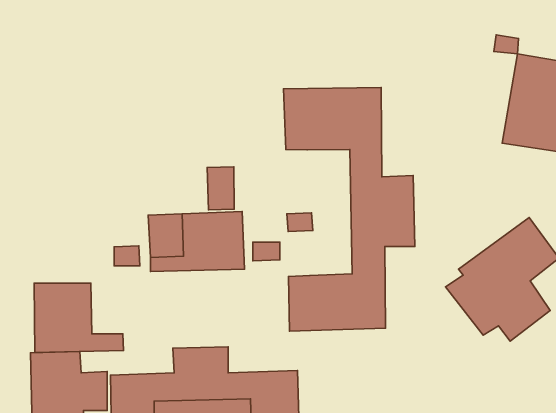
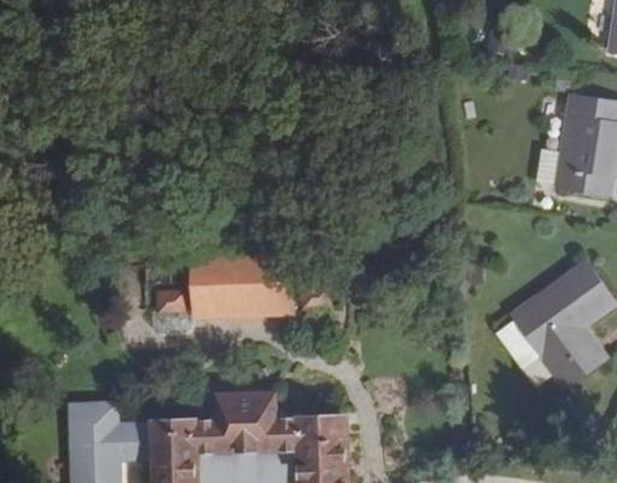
building: [283,88,415,331] -> none
building: [207,167,234,210] -> none
building: [34,283,124,353] -> none

